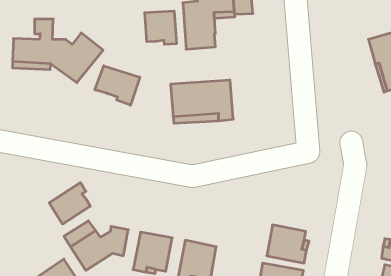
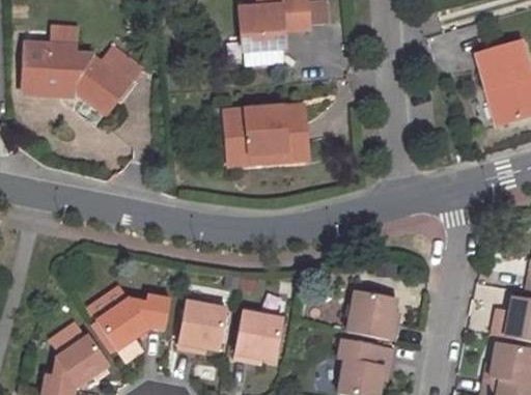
building: [145,11,176,44] -> none
building: [95,66,140,105] -> none
building: [49,183,90,224] -> none

